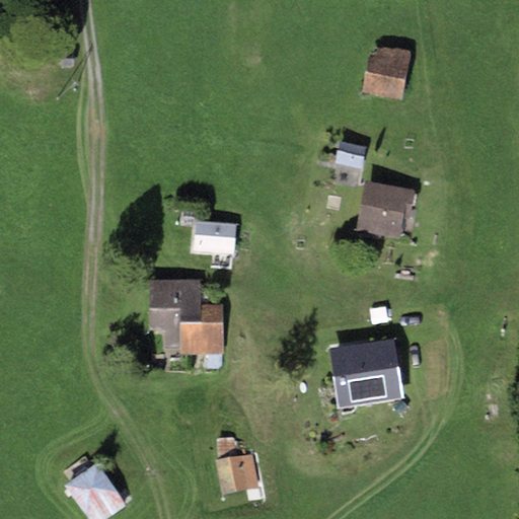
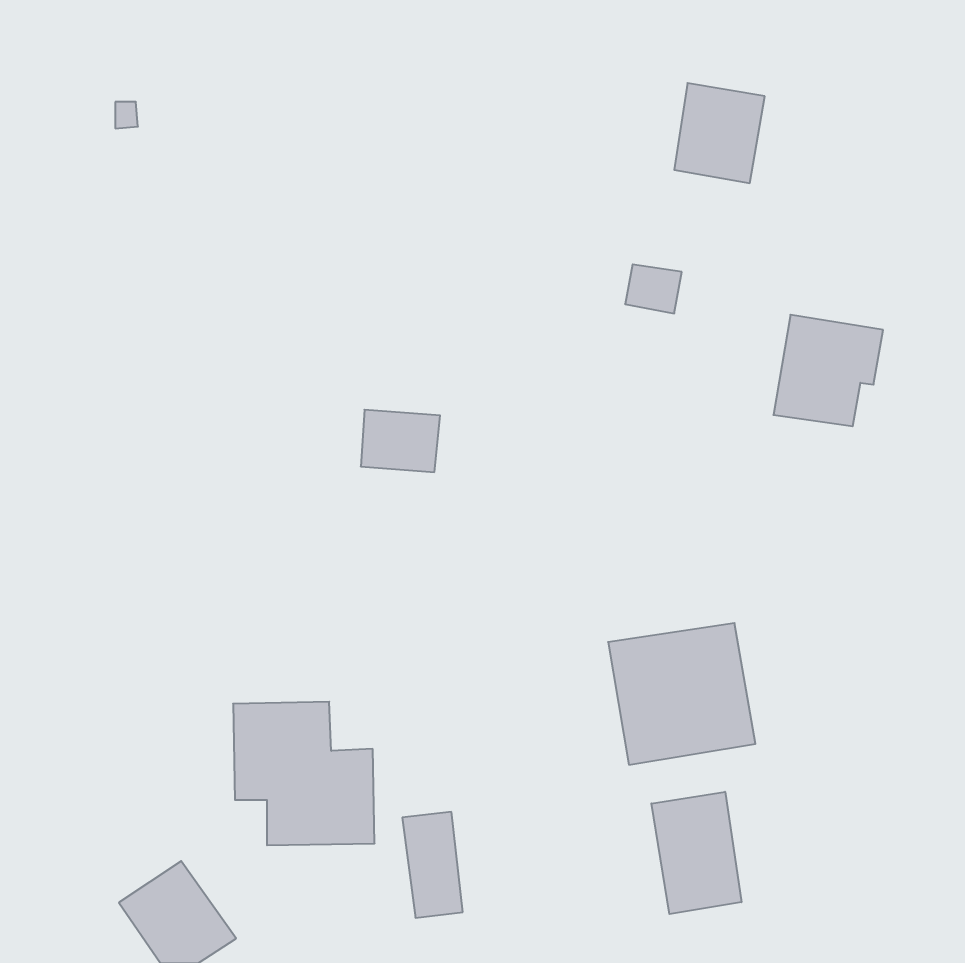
building: [356,180,415,240] -> [773,315,883,426]
building: [147,278,223,355] -> [233,702,375,845]
building: none -> [651,792,741,914]

